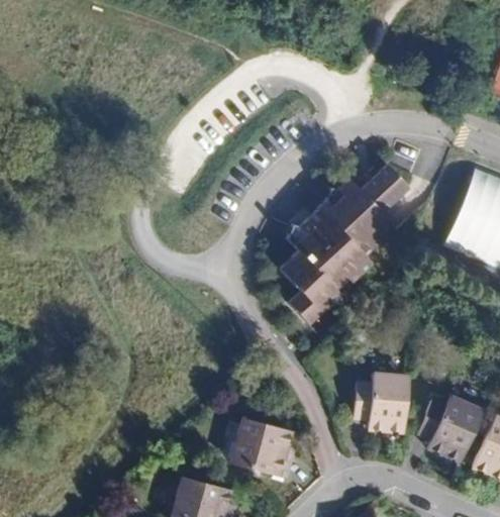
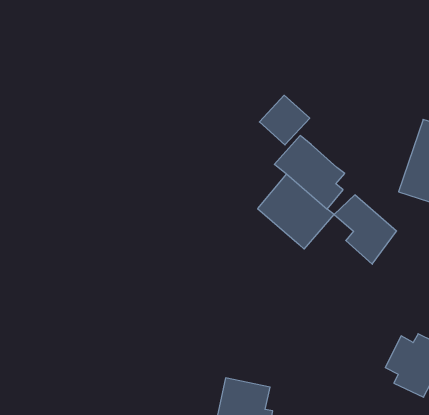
building: [356,159,409,211] -> [259,95,310,145]
building: [271,248,335,323] -> [334,195,397,264]
building: [361,375,417,434] -> none

